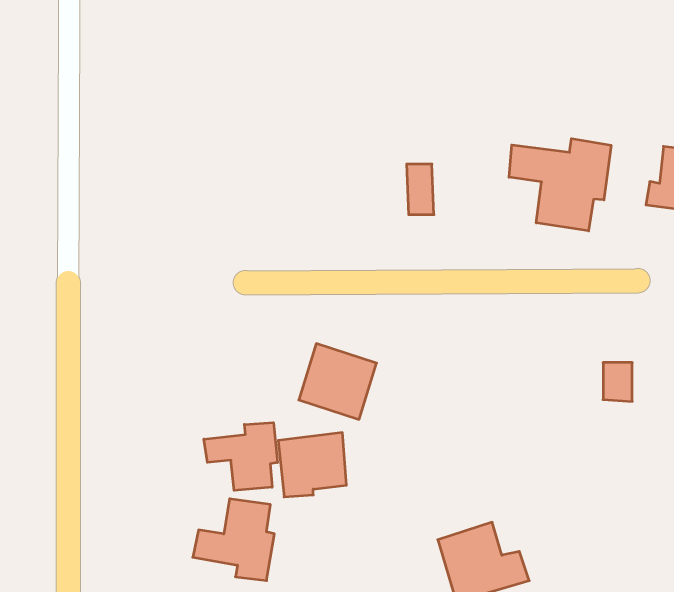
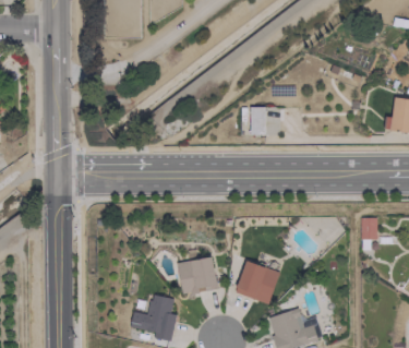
building: [509,139,611,231] -> none
building: [299,344,377,419] -> [236,261,279,303]
building: [204,423,277,490] -> none

